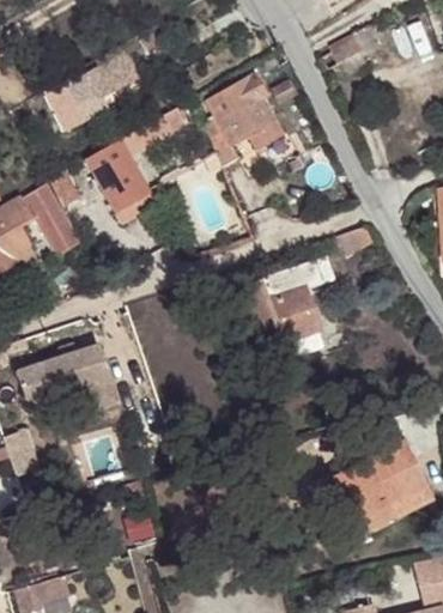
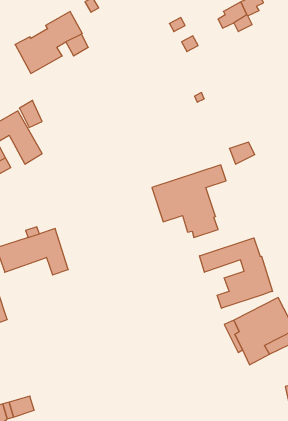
building: [202,73,281,165] -> none
building: [84,107,186,223] -> none
building: none -> [200,238,273,308]

